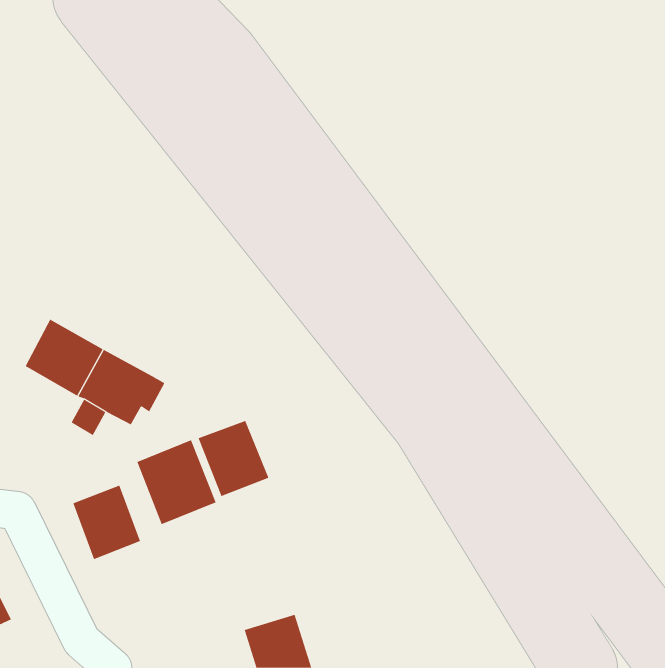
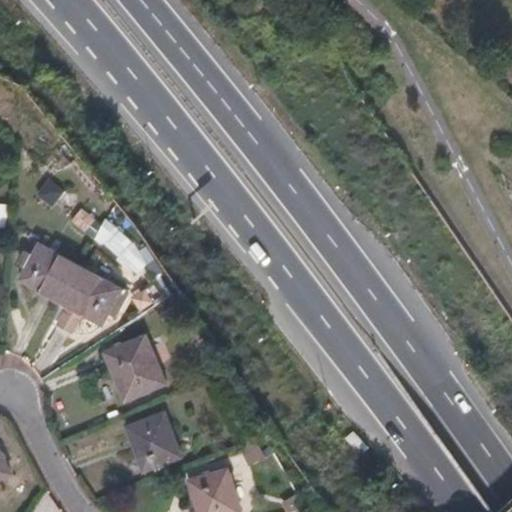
building: [198,420,269,497] -> none
building: [73,485,141,560] -> [126,413,178,470]

